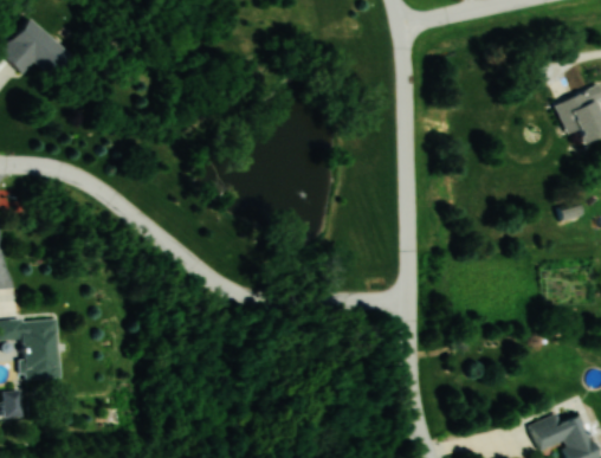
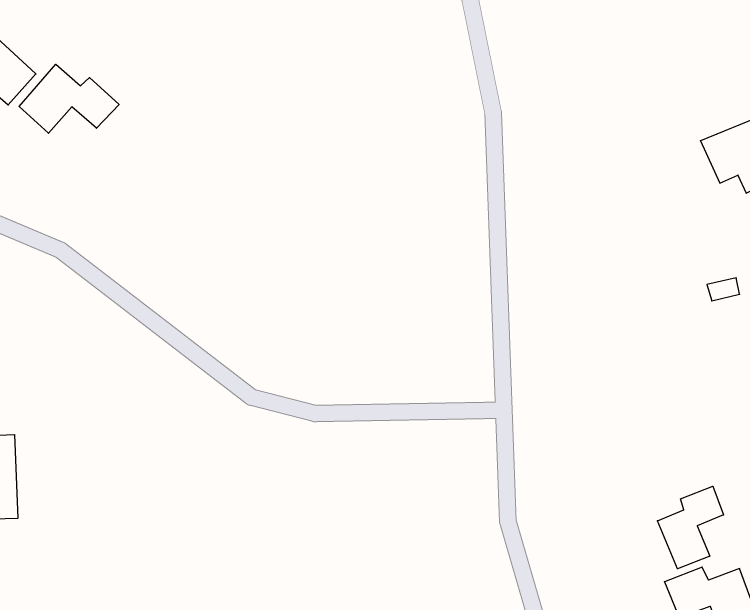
building: none -> [19,64,119,133]
building: none -> [657,486,724,569]

